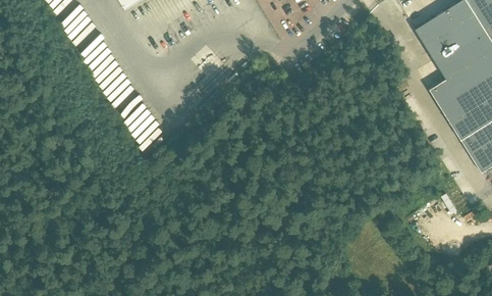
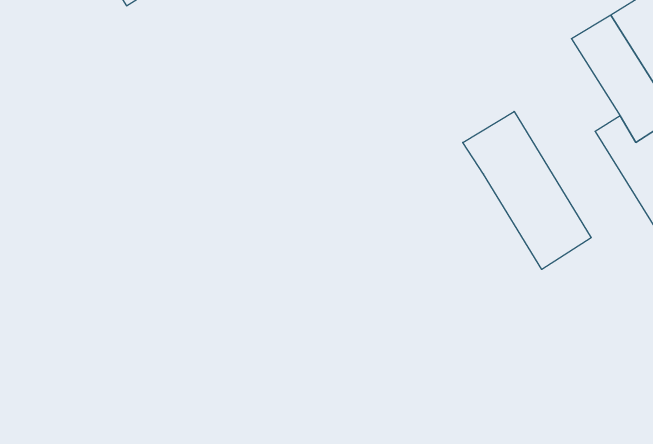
building: none -> [463,111,591,269]

